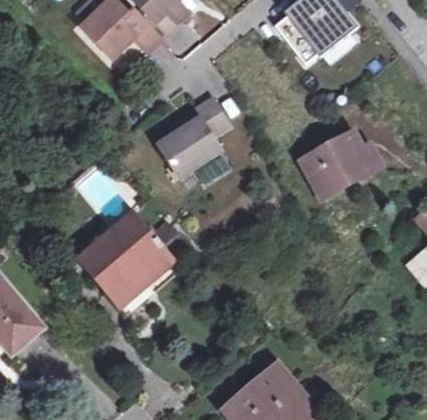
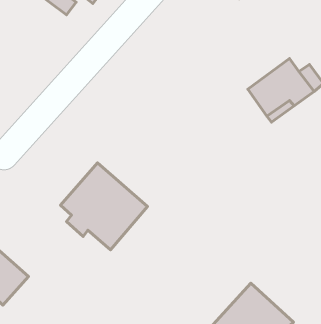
building: [156,97,227,178] -> none

